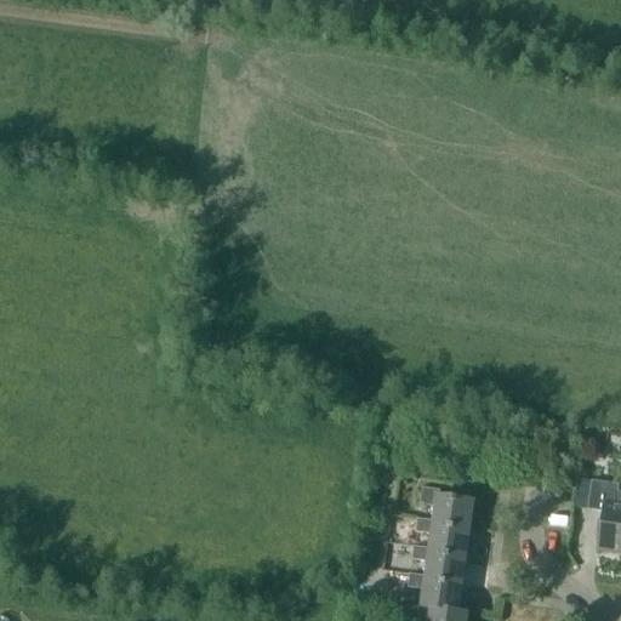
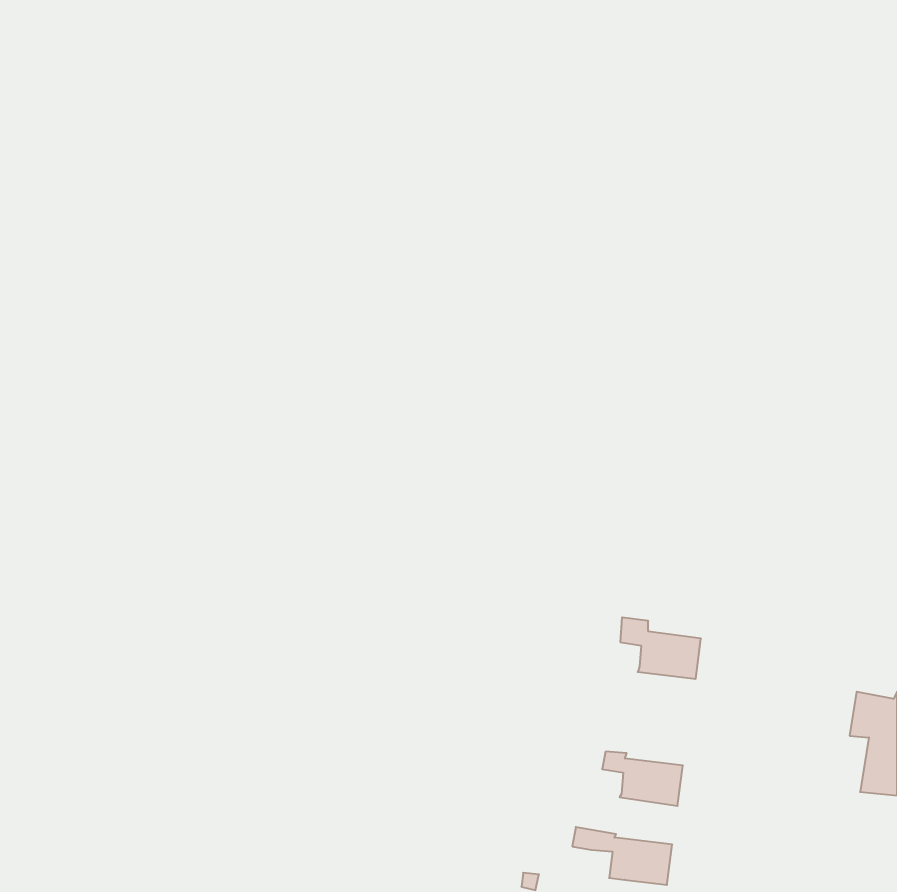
building: [420,486,475,529] -> [620,617,701,679]
building: [412,547,468,583] -> none

